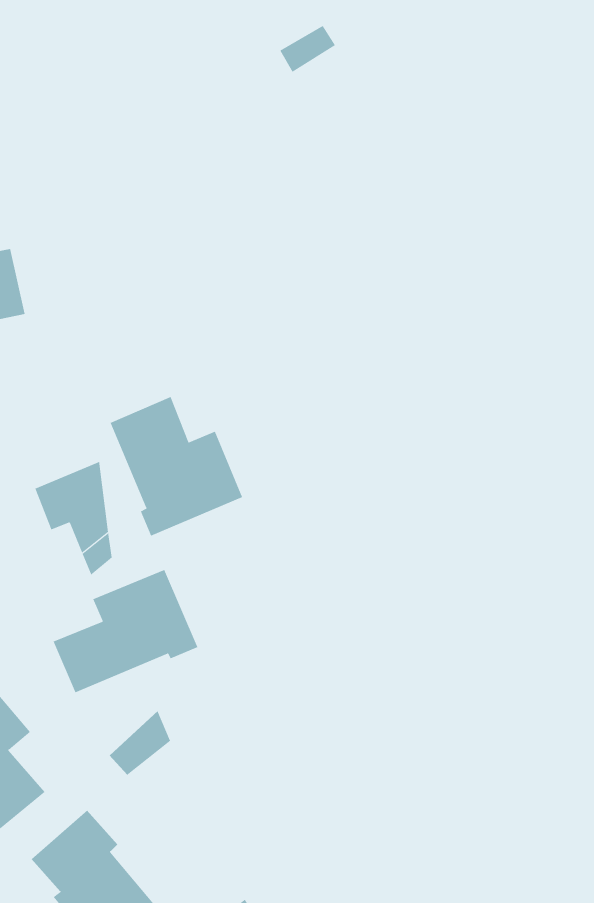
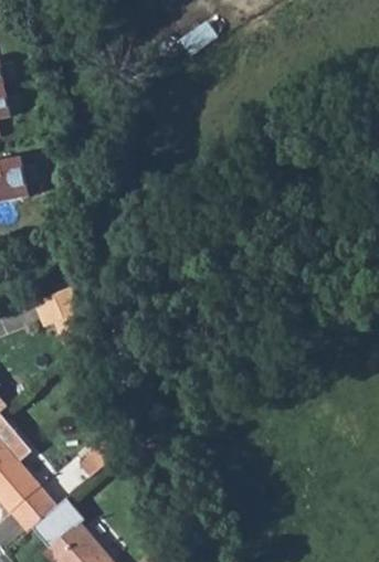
building: [110,396,243,537] -> none
building: [53,569,198,693] -> none

